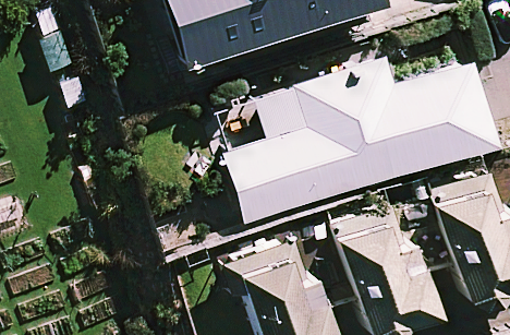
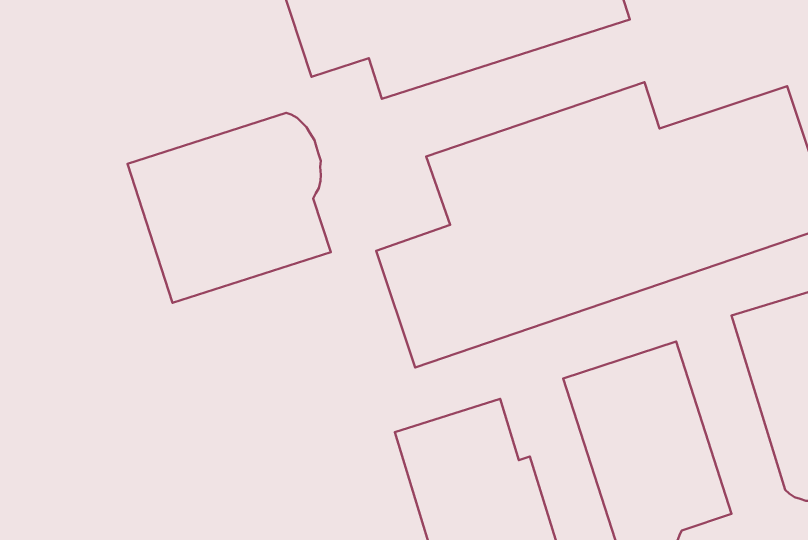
building: none -> [128,113,331,303]

